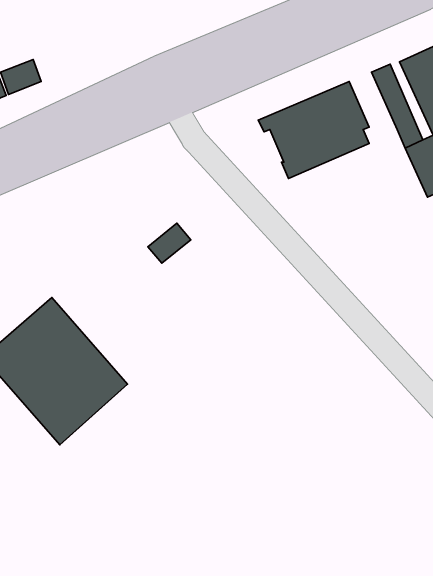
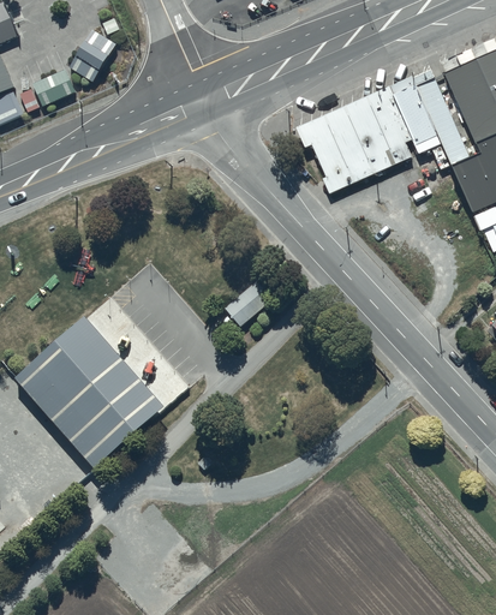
building: none -> [67,29,116,83]
building: none -> [392,84,441,153]
building: [148,223,191,263] -> [226,283,270,324]

